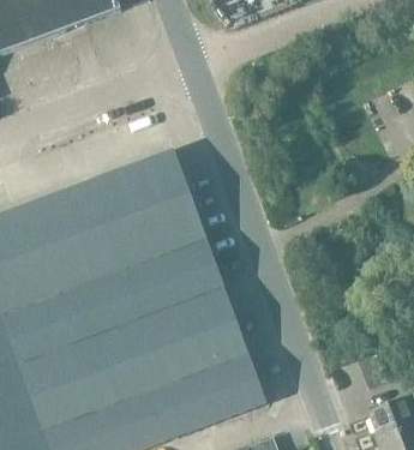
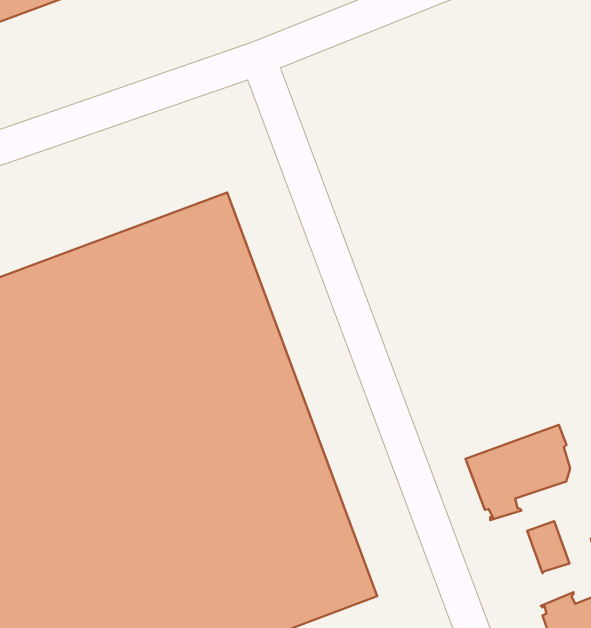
building: none -> [465,425,570,520]

